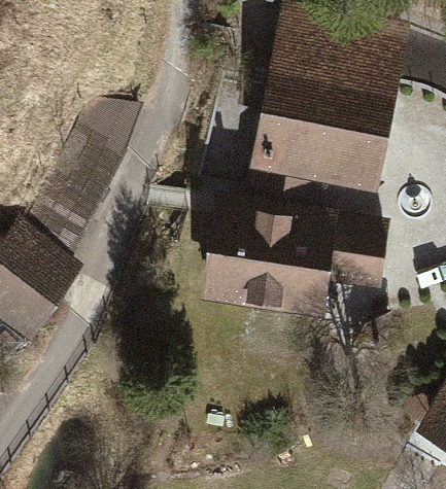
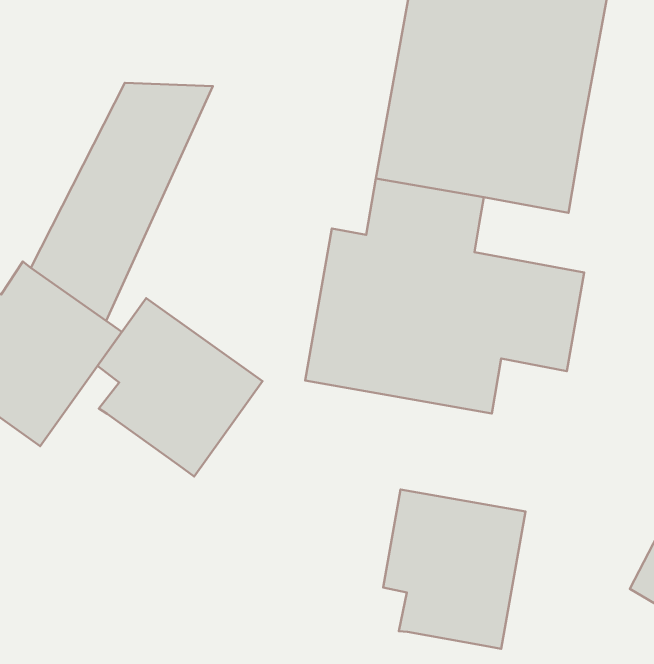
building: none -> [98,298,263,476]
building: none -> [383,489,526,649]

